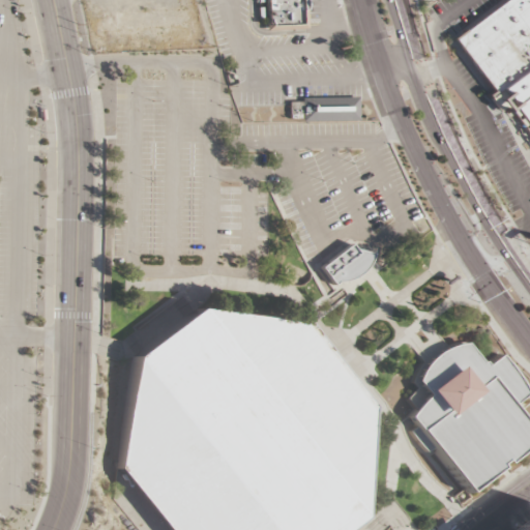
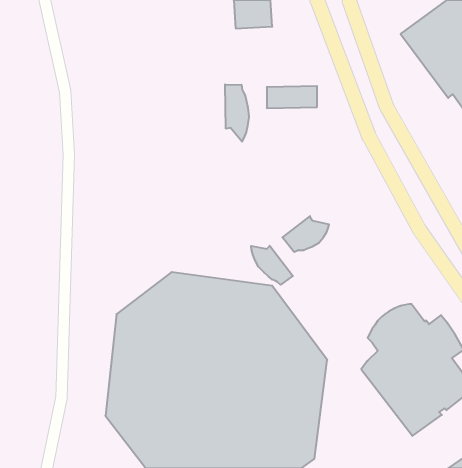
building: none -> [225,84,249,142]
building: none -> [251,246,293,285]

